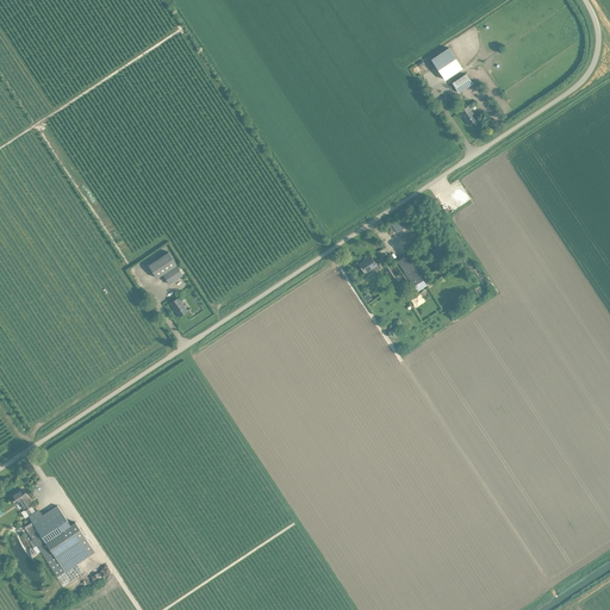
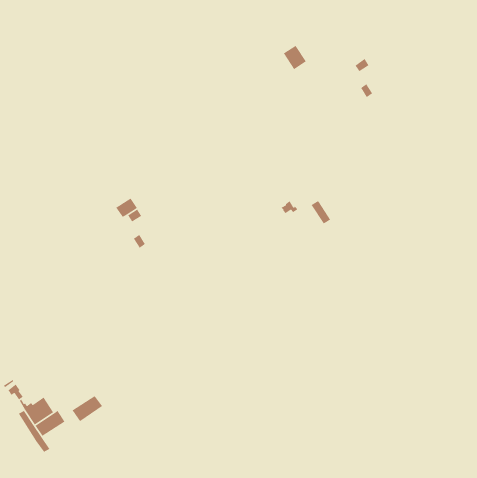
building: [430,48,461,80] -> [283,45,307,70]
building: [54,537,94,572] -> [71,395,103,422]

